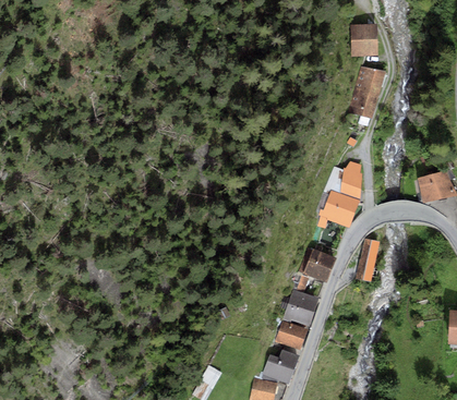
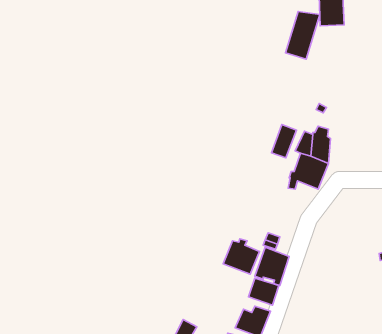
building: [349,68,385,118] -> [286,11,320,59]
building: none -> [272,125,297,158]
building: [356,238,384,282] -> none
building: [298,245,336,282] -> [223,239,259,274]

